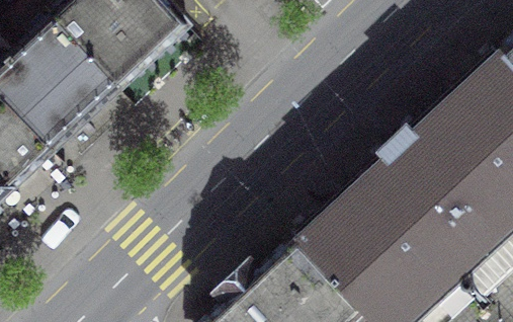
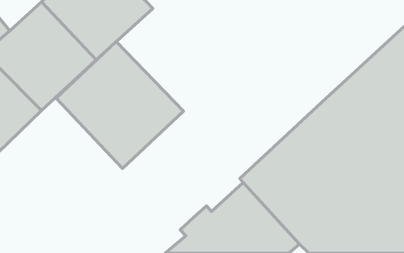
building: none -> [56,42,183,168]

